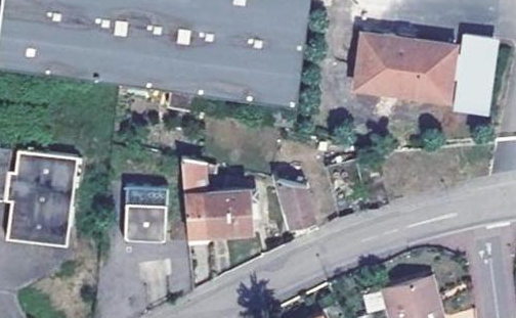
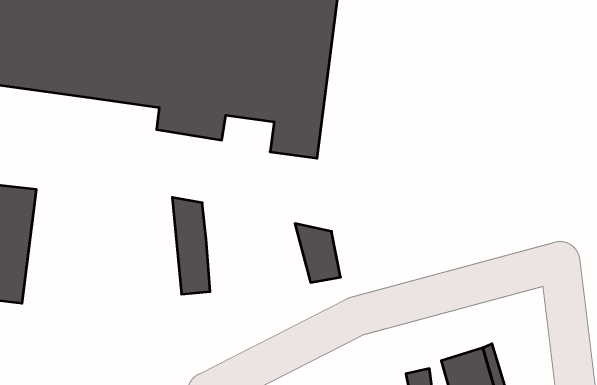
building: [360,38,498,118] -> none
building: [123,187,166,242] -> none
building: [206,188,249,232] -> none

